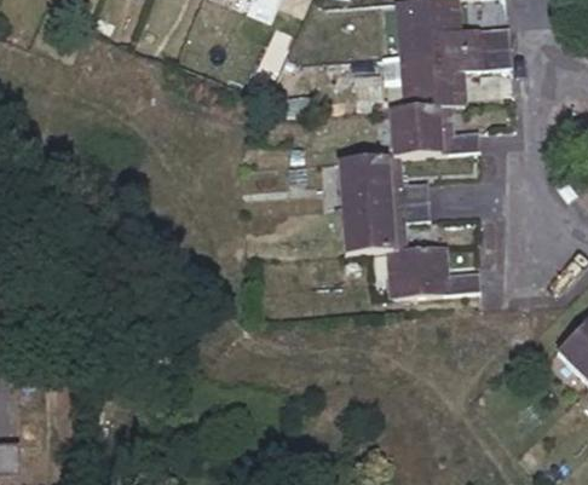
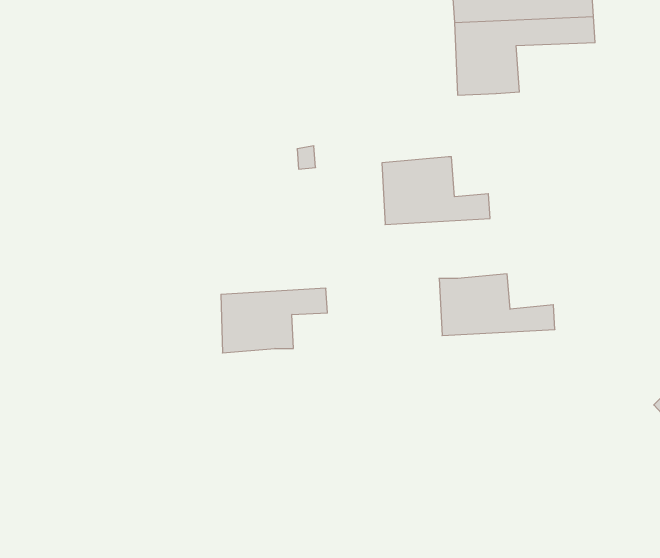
building: [391,108,478,157] -> none
building: [345,206,428,256] -> [221,288,327,353]

